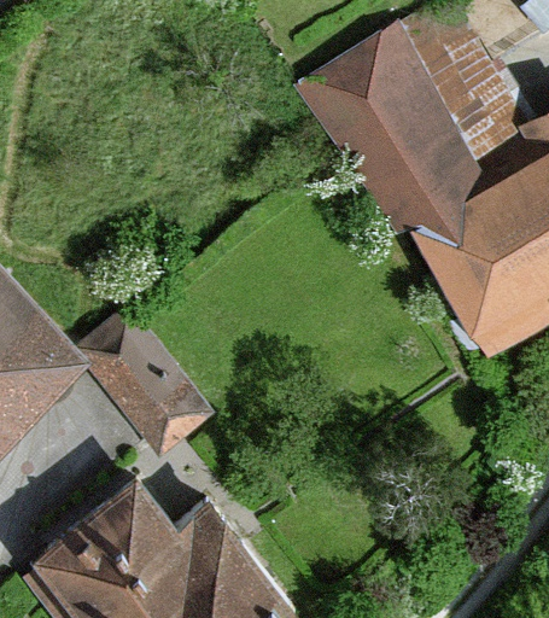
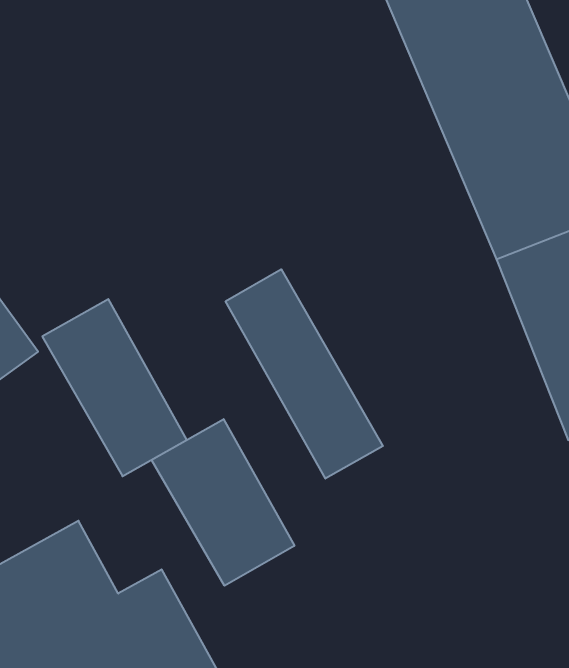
building: none -> [226,269,383,479]
building: none -> [152,419,294,586]

